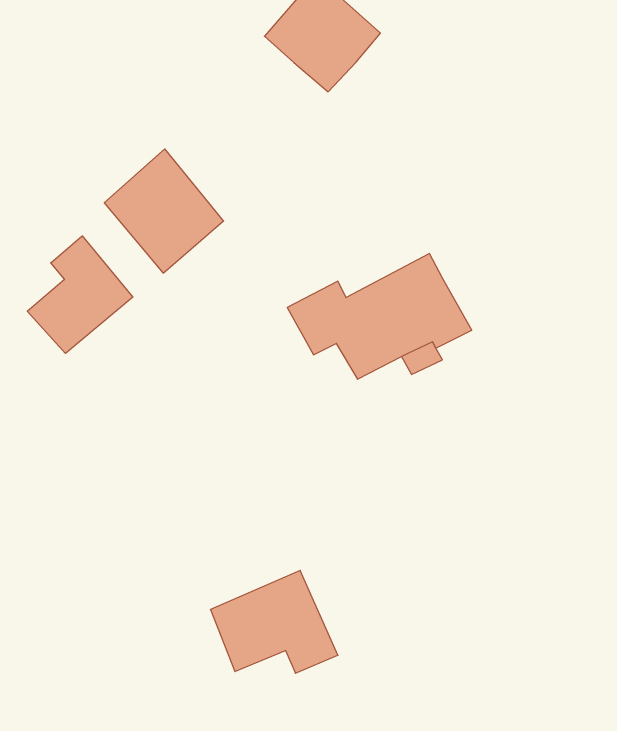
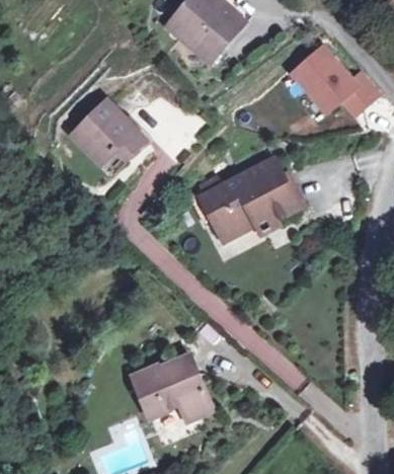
building: none -> [288,42,383,117]
building: [27,236,133,353] -> none

